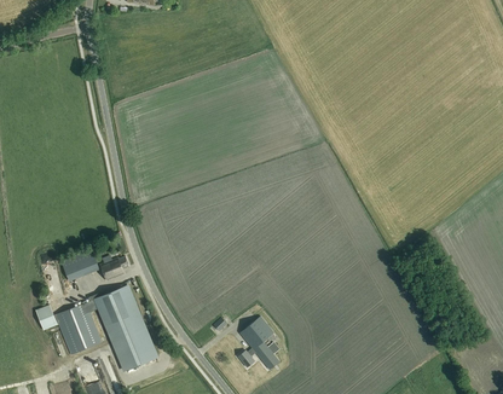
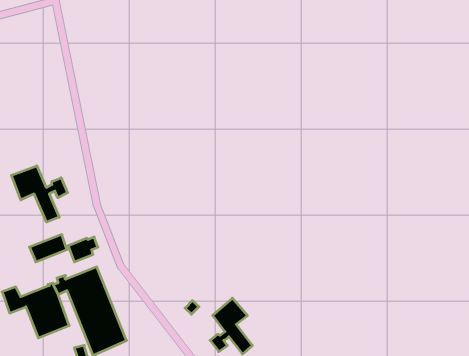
building: none -> [11,166,68,222]

